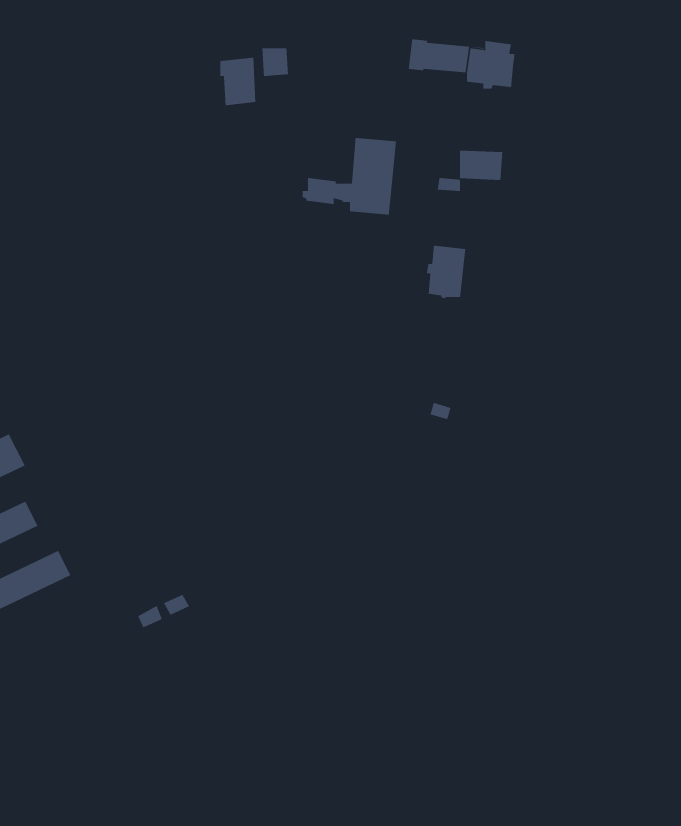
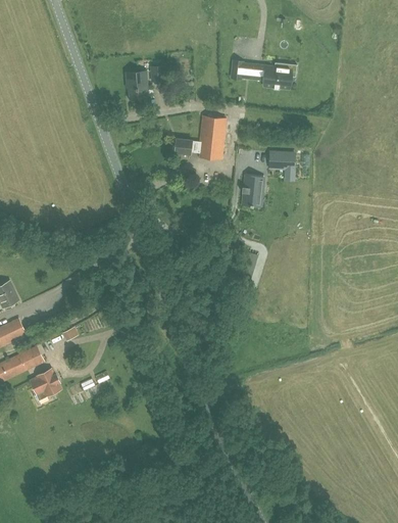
building: [459,150,503,181] -> [271,151,296,169]
building: none -> [31,368,61,398]

